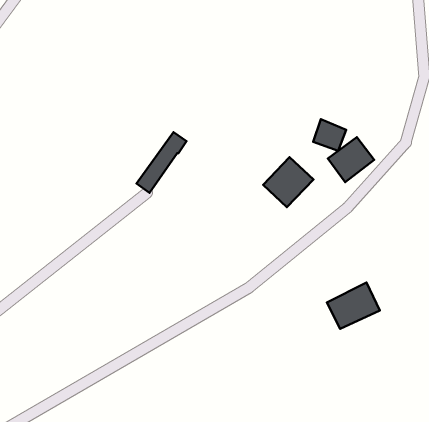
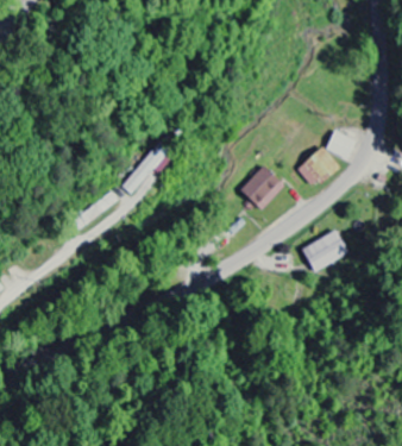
building: [313,119,346,151] -> [325,130,354,158]
building: [327,283,380,329] -> [302,230,350,271]

